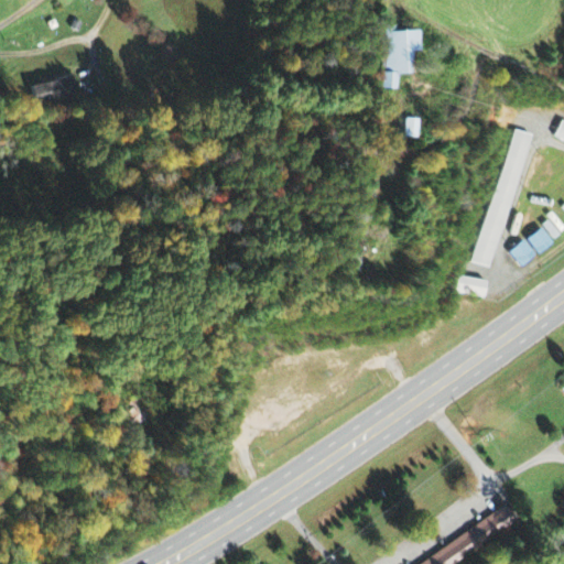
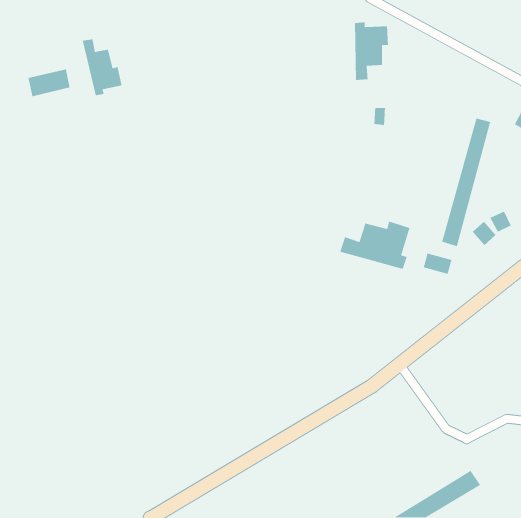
building: none -> [82,38,122,96]
building: none -> [339,221,411,270]

